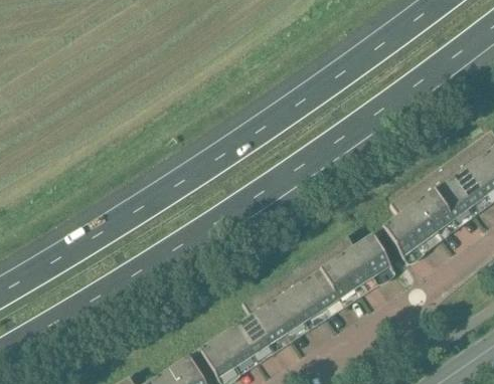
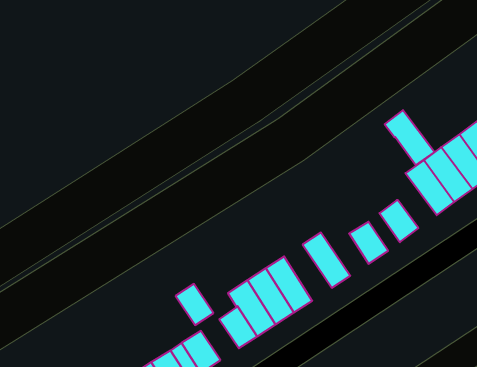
building: [391,193,438,244] -> [385,110,434,165]
building: [330,236,374,289] -> none
building: [296,259,340,312] -> none
building: [218,329,254,367] -> [176,284,213,325]

